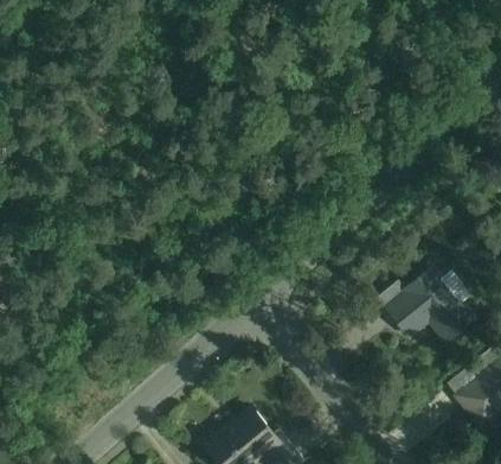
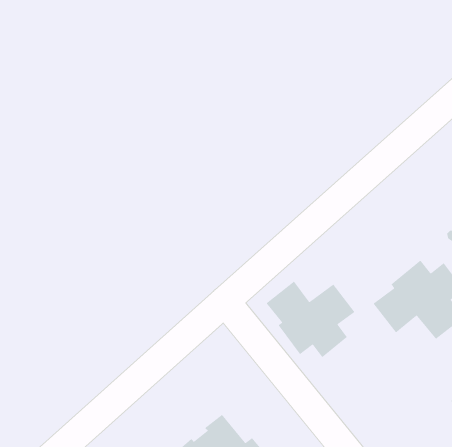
building: none -> [265,281,356,358]

